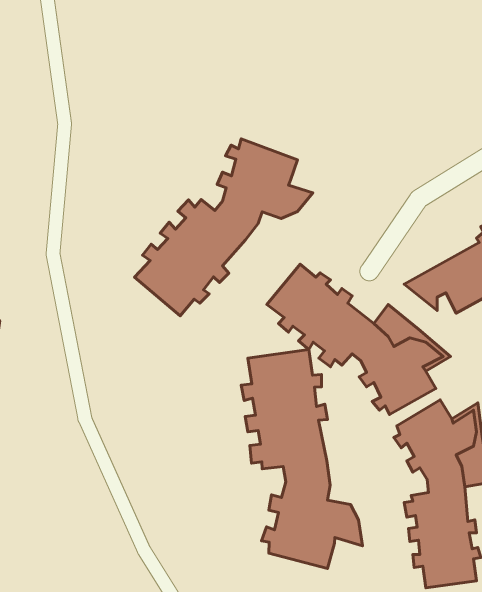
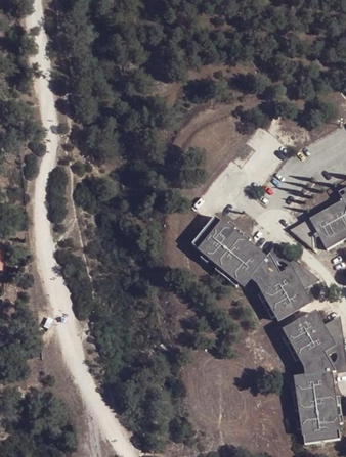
building: [134,139,313,316] -> none
building: [241,349,363,568] -> none

